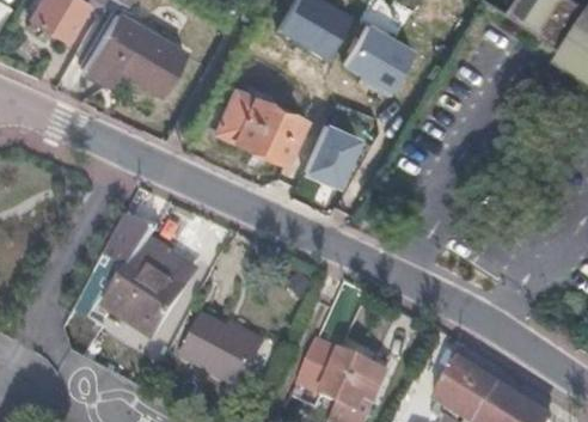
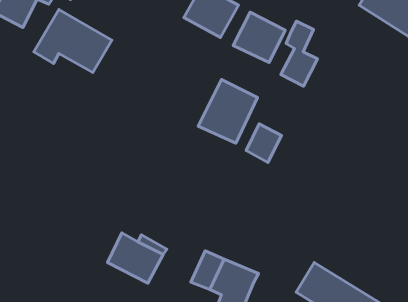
building: none -> [281,21,318,86]
building: [203,80,305,159] -> none
building: none -> [246,124,281,163]
building: [68,219,189,338] -> none

